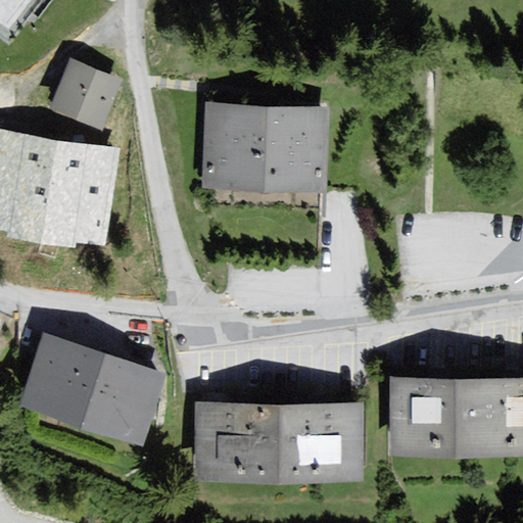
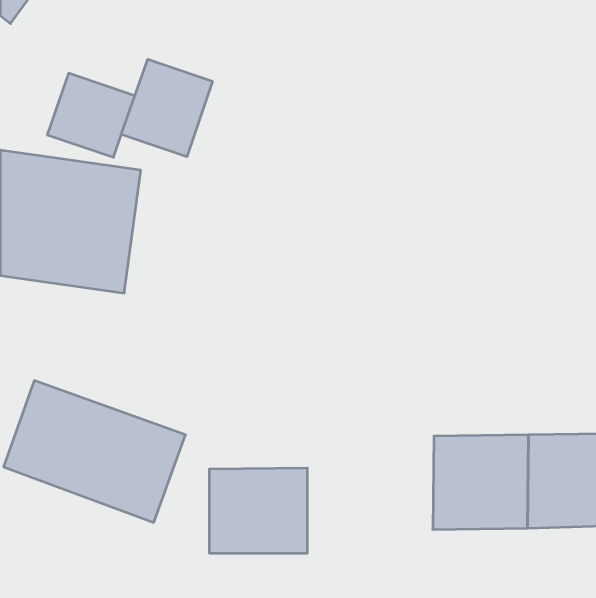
building: none -> [121,59,212,157]
building: [200,100,329,193] -> none
building: [273,405,362,478] -> none

